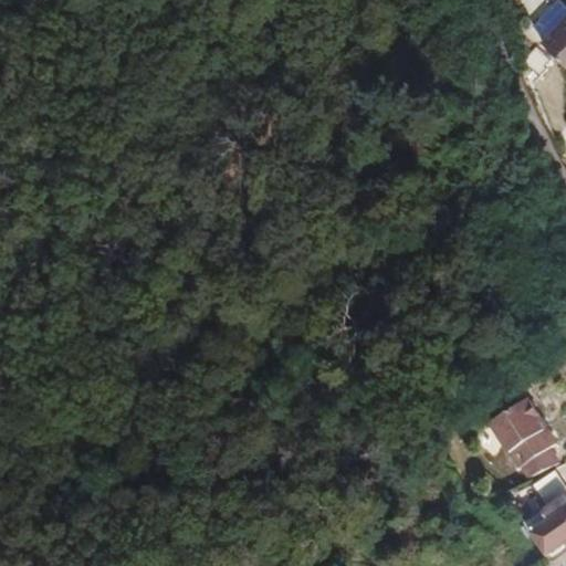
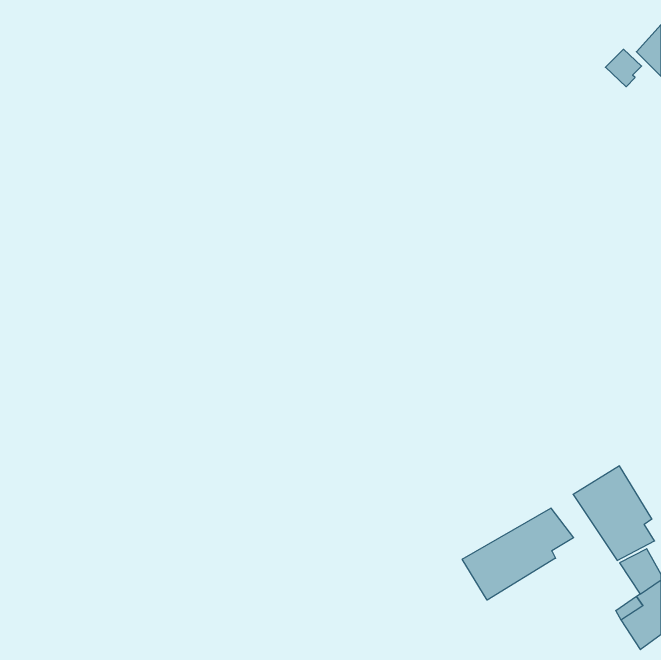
building: none -> [462,508,574,600]

